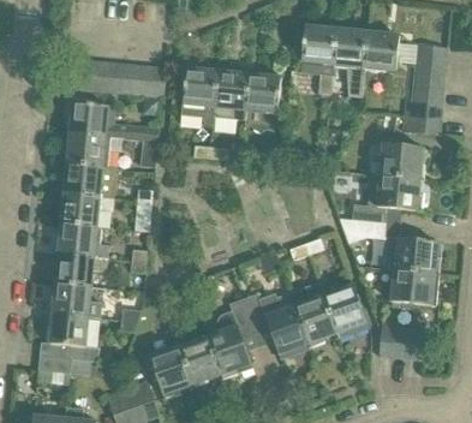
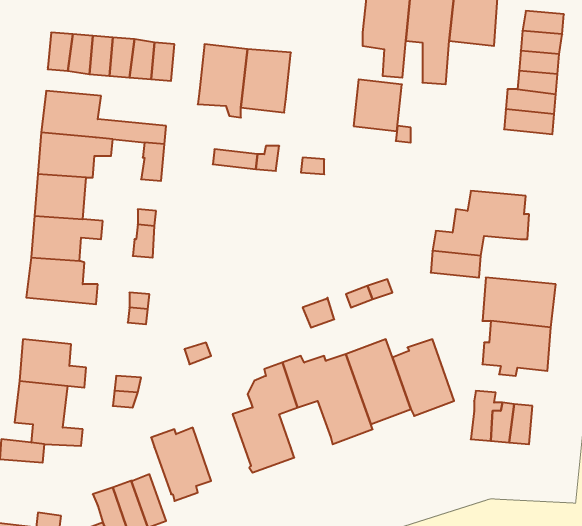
building: [246,76,281,113] -> [354,79,402,131]
building: [380,144,423,179] -> none
building: [56,252,109,286] -> none
building: [179,336,221,385] -> none

